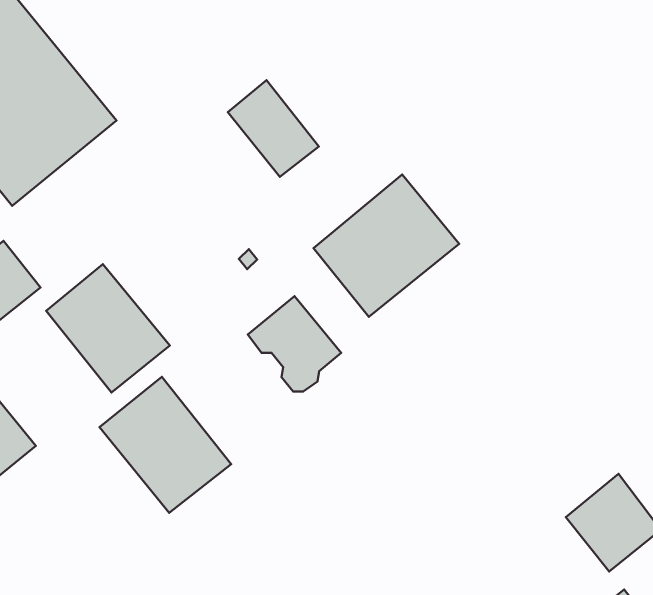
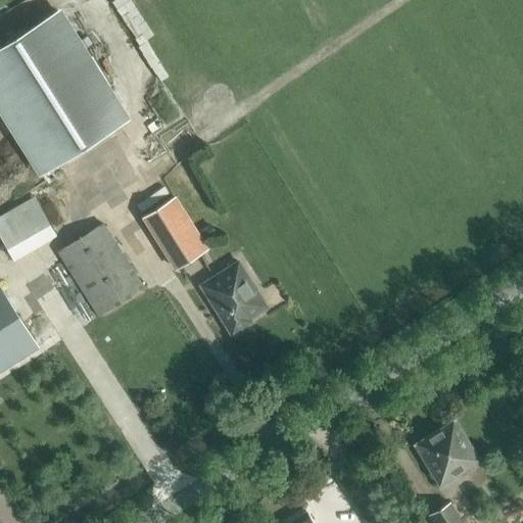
building: [228,80,319,177] -> [144,199,206,270]
building: [313,175,459,317] -> none
building: [100,377,231,513] -> none

